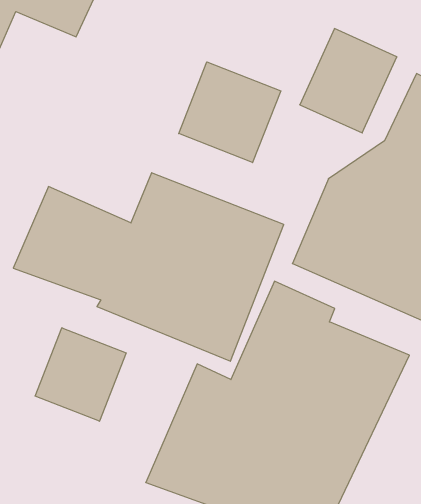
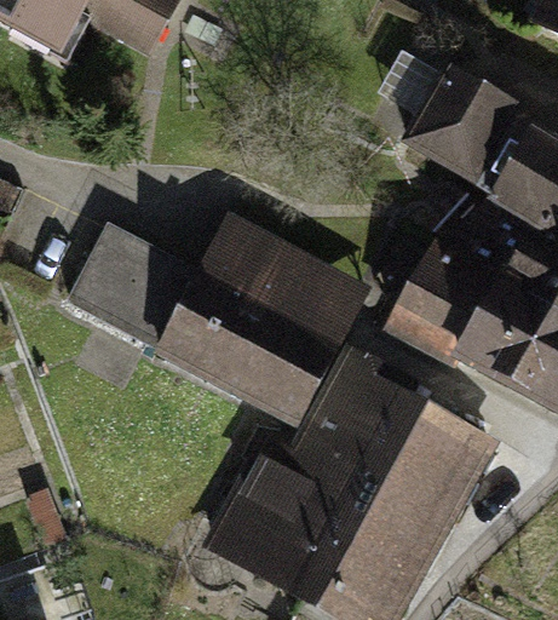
building: [179,62,281,163] -> none
building: [35,328,126,421] -> none

